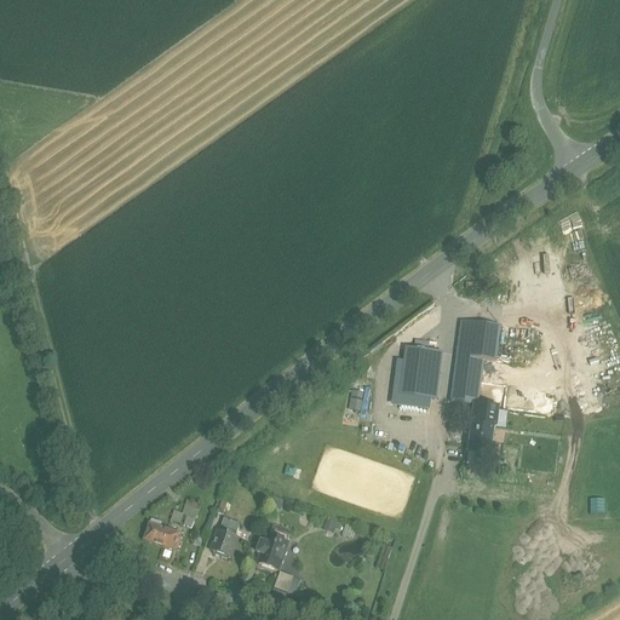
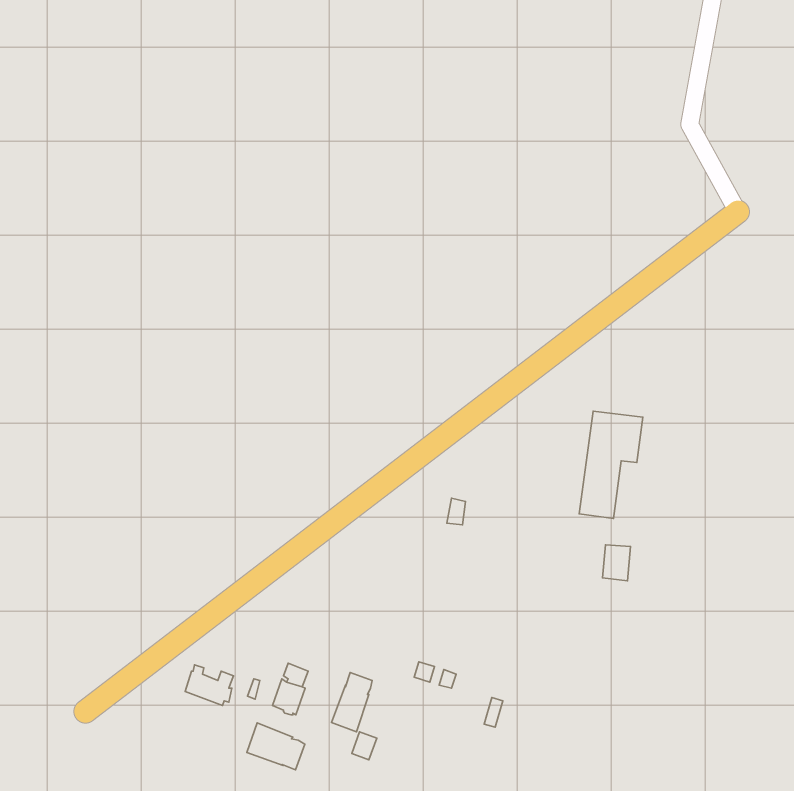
building: [400,345,435,397] -> none
building: none -> [247,723,305,770]

